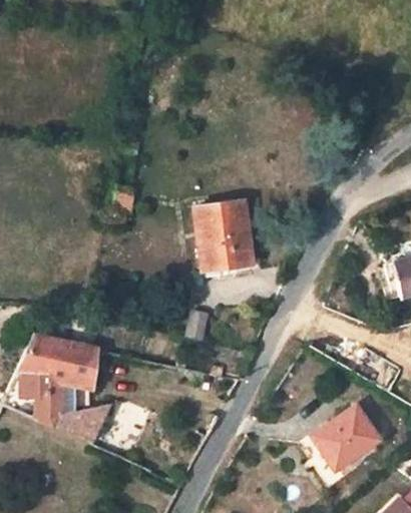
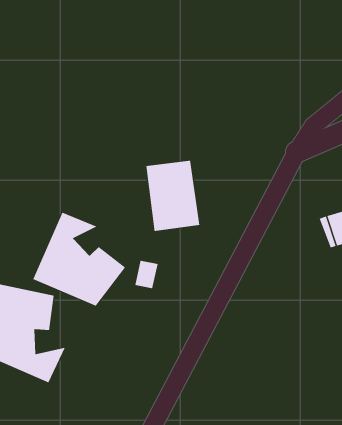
building: none -> [33,212,126,307]
building: [314,402,381,467] -> none

